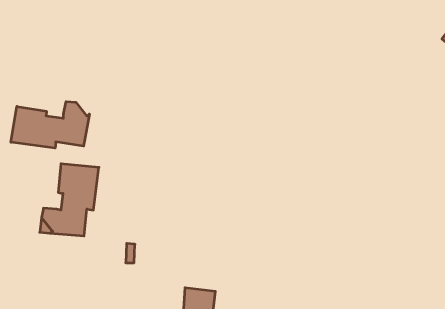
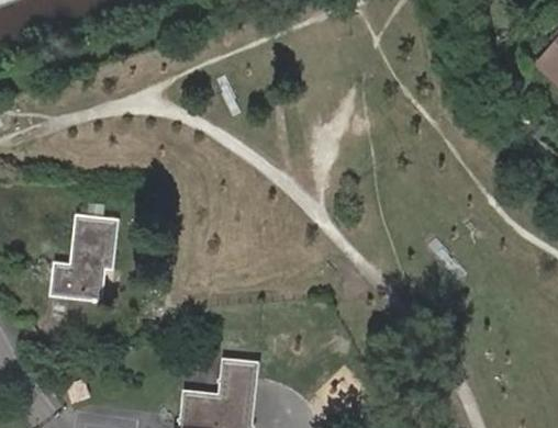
building: [11,102,89,148] -> none

